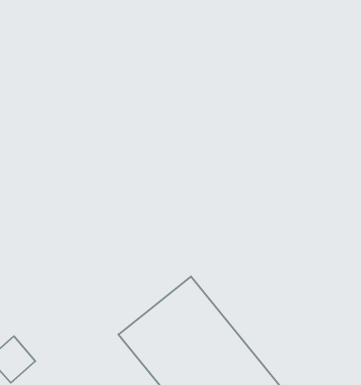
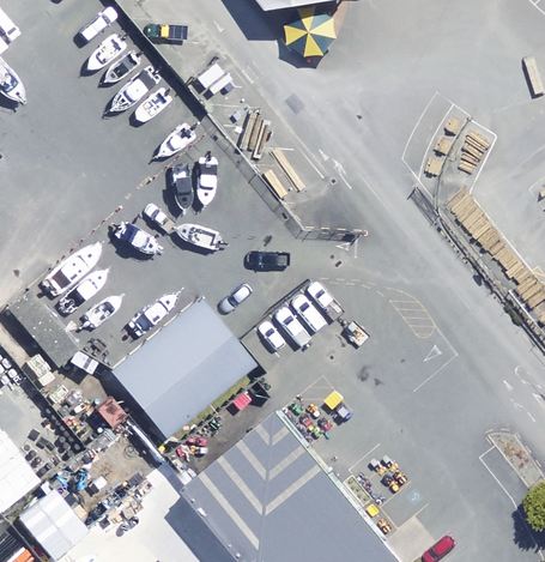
building: none -> [99,303,248,448]

